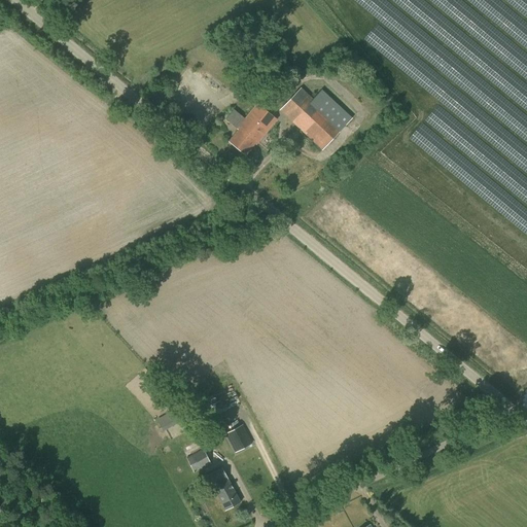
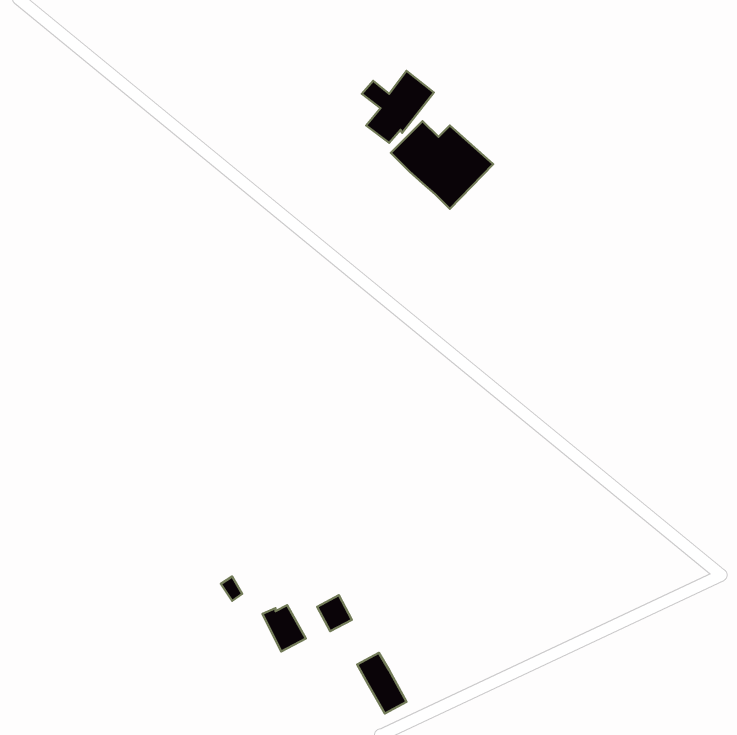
building: [225,102,277,153] -> [362,71,434,143]
building: [206,466,241,510] -> [357,653,406,713]

